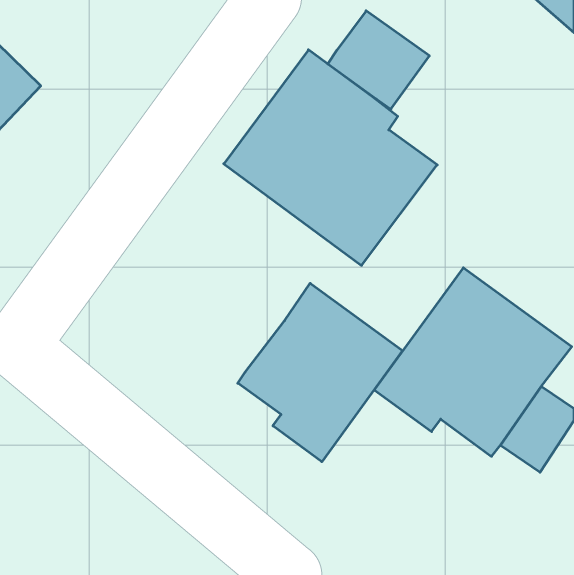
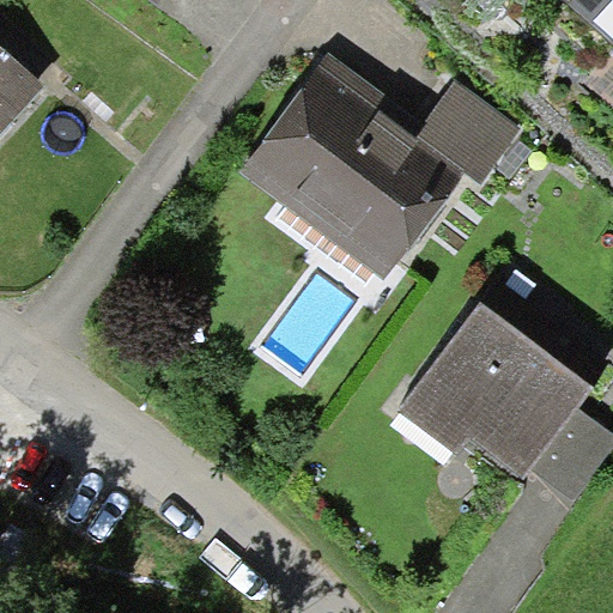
building: [328,11,429,109] -> [412,81,520,186]
building: [238,283,403,462] -> none

